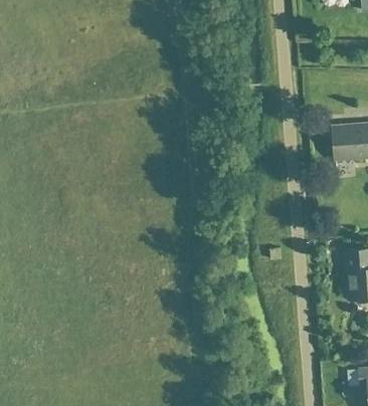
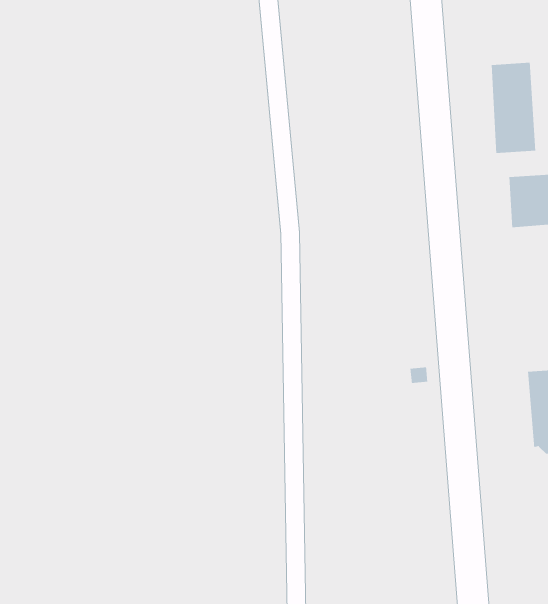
building: none -> [491,62,536,154]

